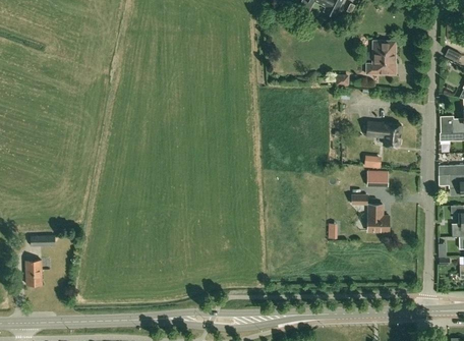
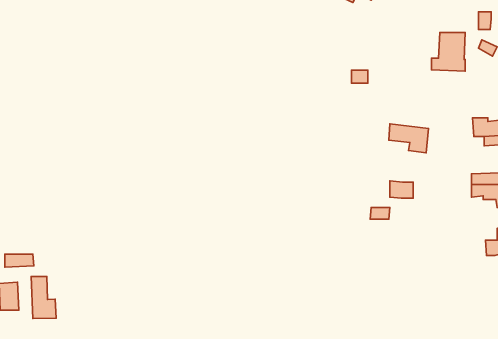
building: [366,42,396,75] -> [432,33,465,71]
building: [367,205,390,232] -> none
building: none -> [31,276,56,319]

